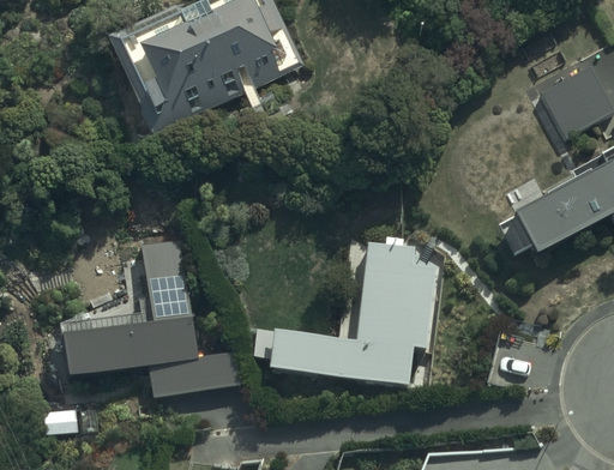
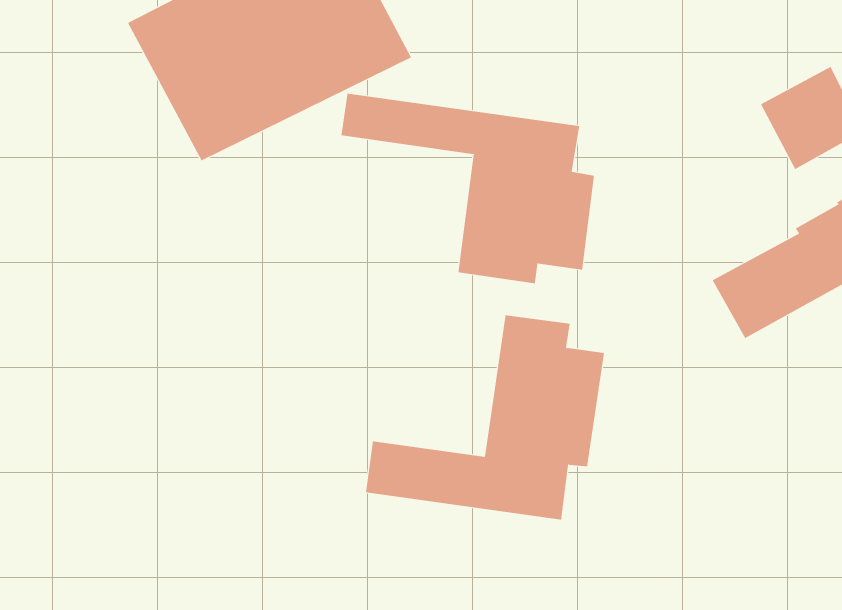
building: none -> [341,93,594,284]
building: [61,225,246,391] -> none

